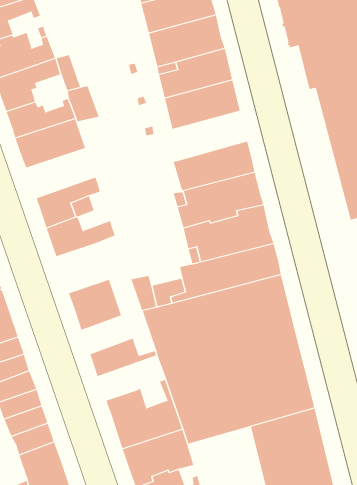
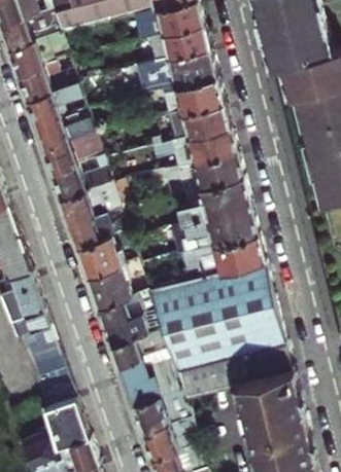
building: none -> [168,125,234,167]
building: none -> [50,156,108,197]
building: none -> [75,234,120,276]
building: none -> [96,288,147,326]
building: none -> [109,327,166,364]

